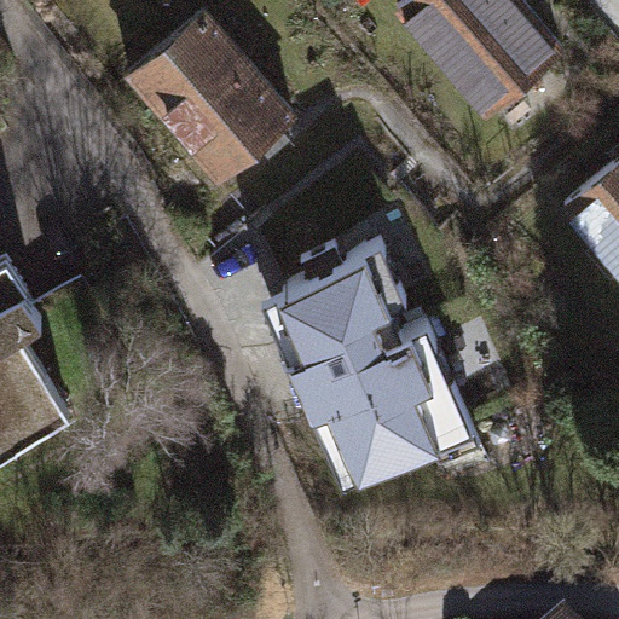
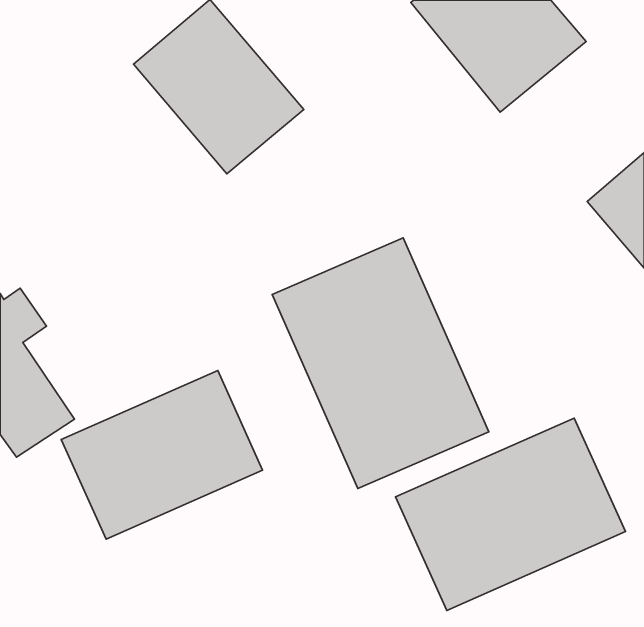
building: none -> [61,370,263,539]
building: none -> [395,418,625,610]

